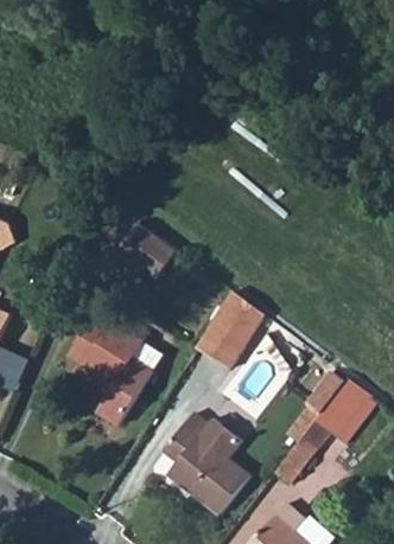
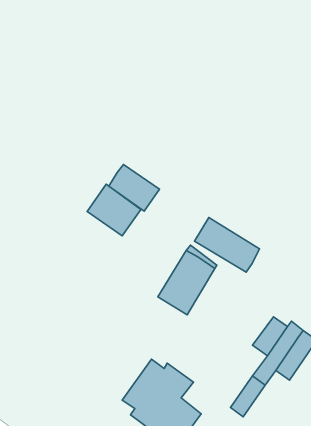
building: none -> [109,164,159,211]
building: none -> [194,217,260,272]
building: [66,321,161,429] -> none

